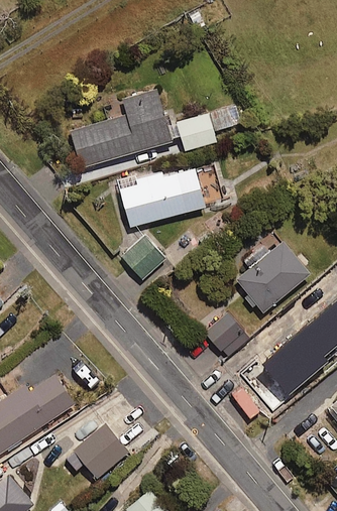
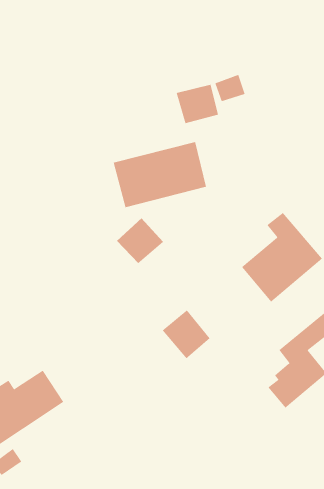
building: [71,89,173,168] -> none
building: [205,312,249,358] -> [162,309,210,359]
building: [65,424,129,478] -> none

